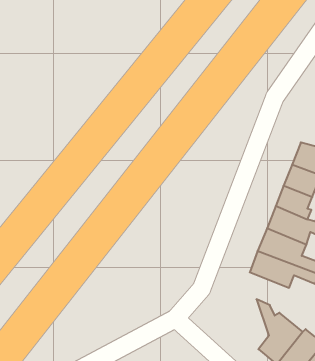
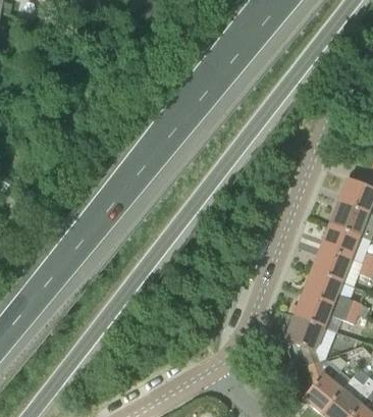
building: none -> [284,315,335,361]

